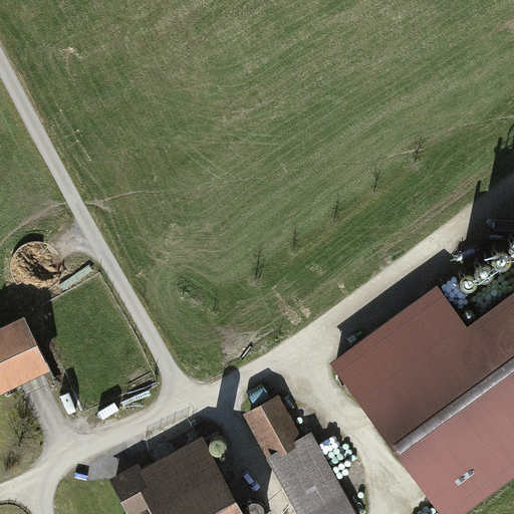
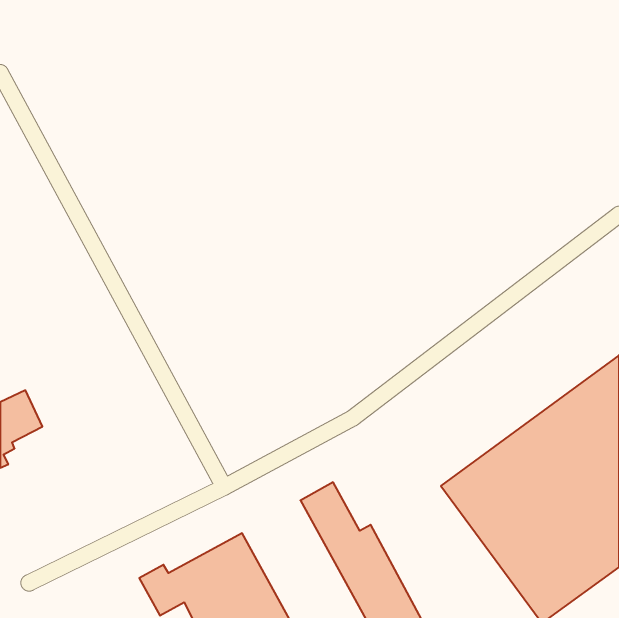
building: [335,289,467,404] -> none

